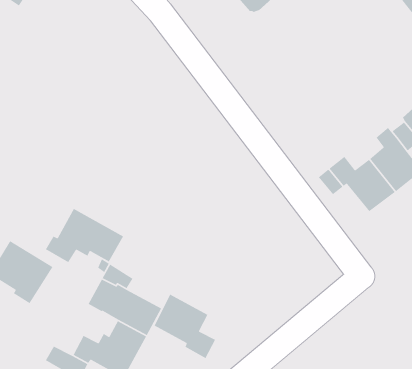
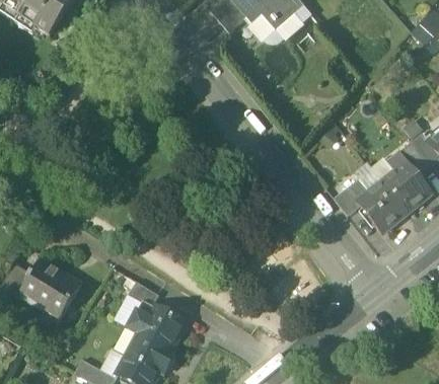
building: [45,208,124,263] -> none
building: [153,293,216,359] -> none

